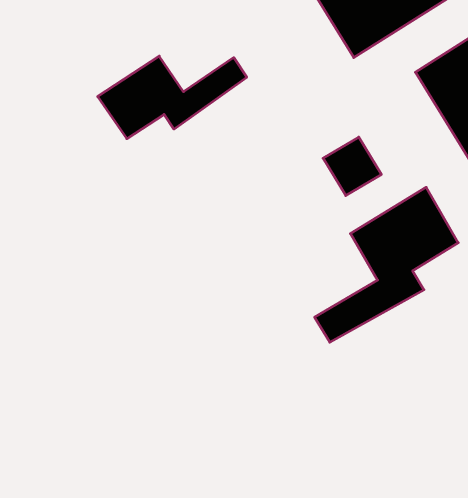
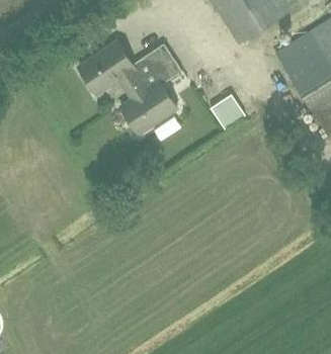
building: none -> [120,56,182,135]
building: [315,187,458,342] -> none

